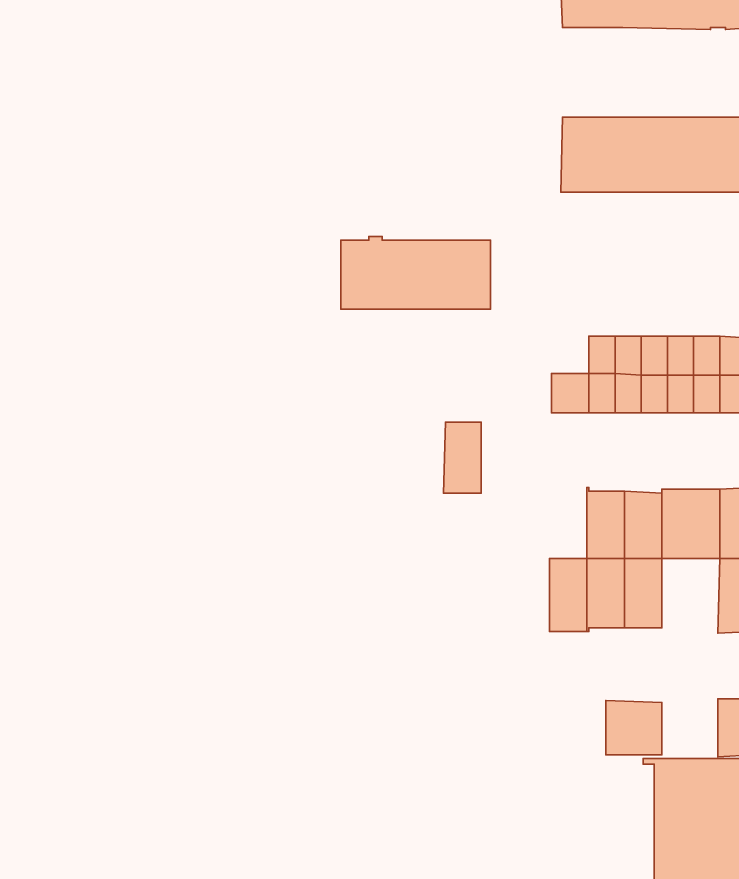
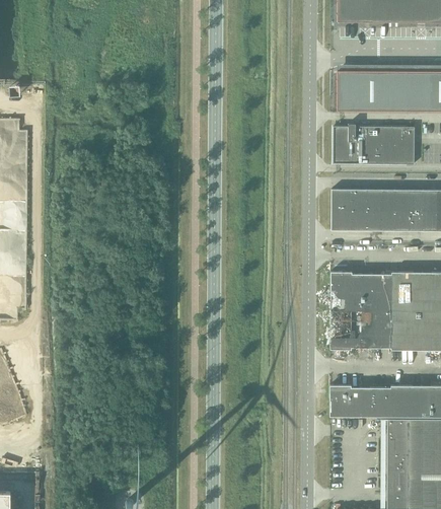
building: [341,236,491,309] -> [334,124,415,163]
building: none -> [332,189,352,209]
building: [444,422,481,493] -> [330,271,351,309]
building: none -> [391,309,423,350]
building: none -> [330,384,361,416]
building: none -> [391,385,422,417]

